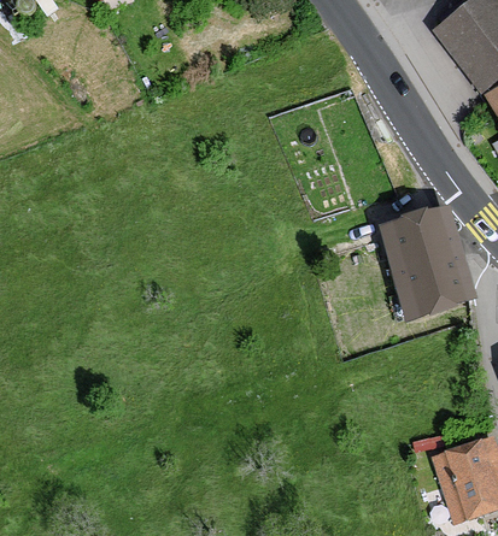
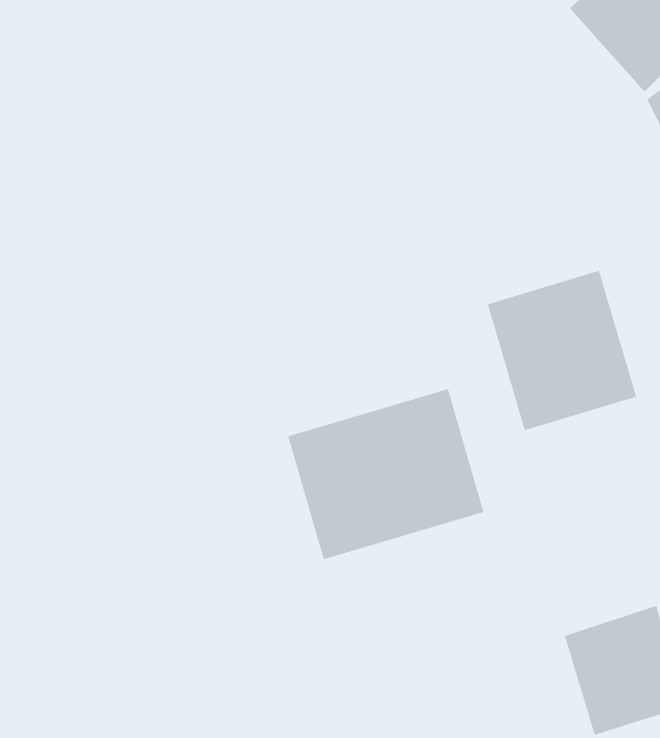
building: none -> [287,388,484,560]

